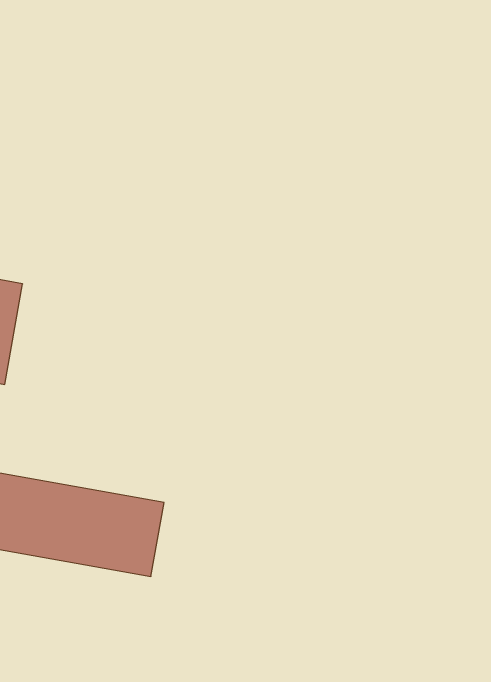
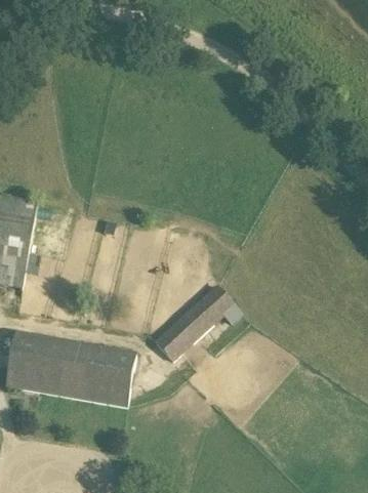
building: none -> [155,285,233,359]

